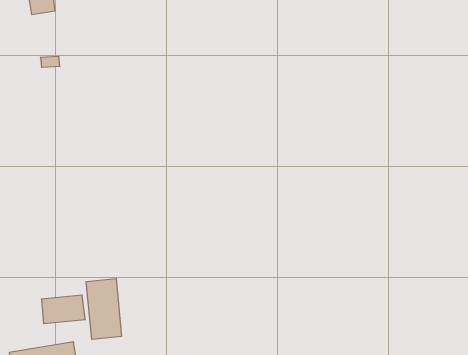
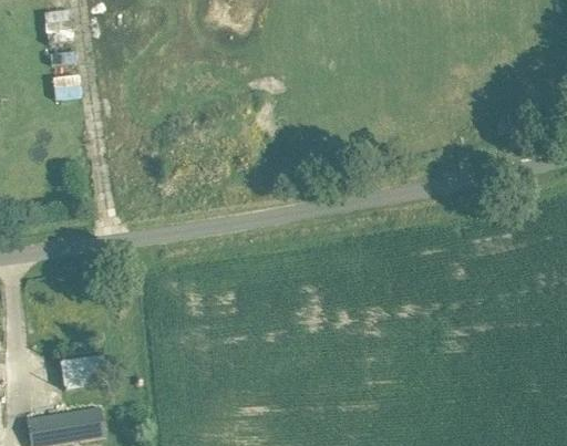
building: [86,278,122,339] -> none

